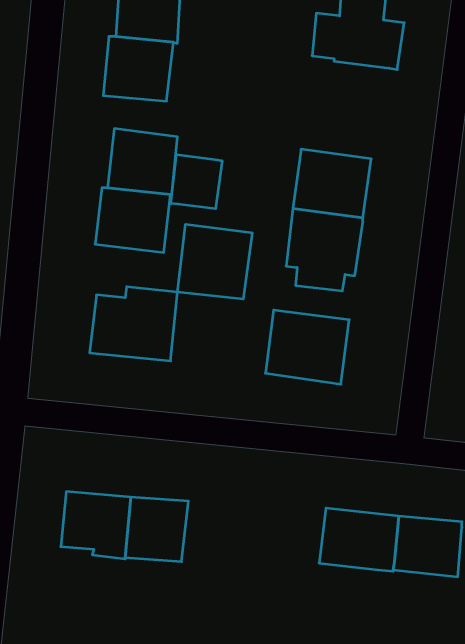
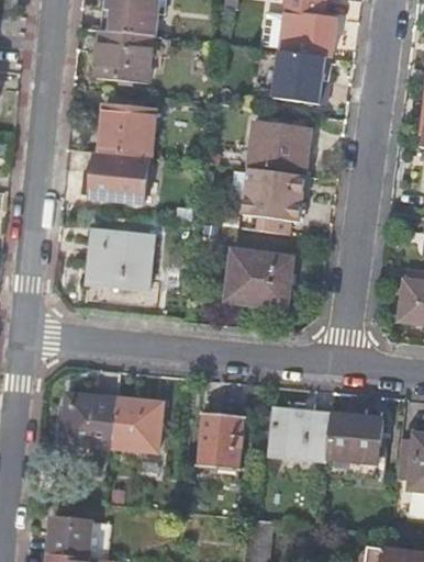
building: none -> [257,50,324,103]
building: [171,154,222,209] -> none
building: [177,224,252,299] -> none
building: none -> [197,412,246,471]

